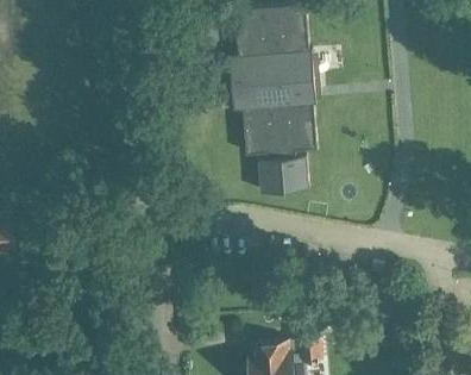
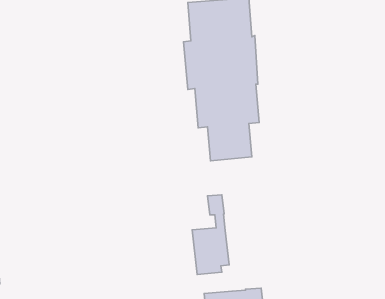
building: none -> [192,195,229,274]

